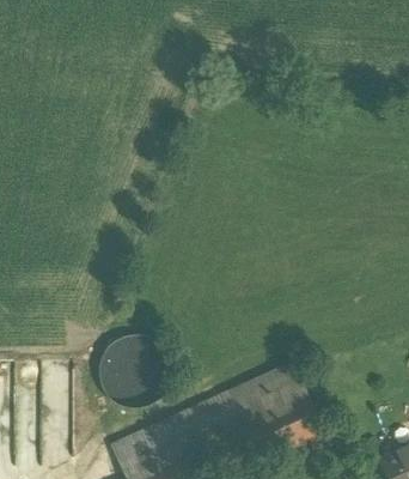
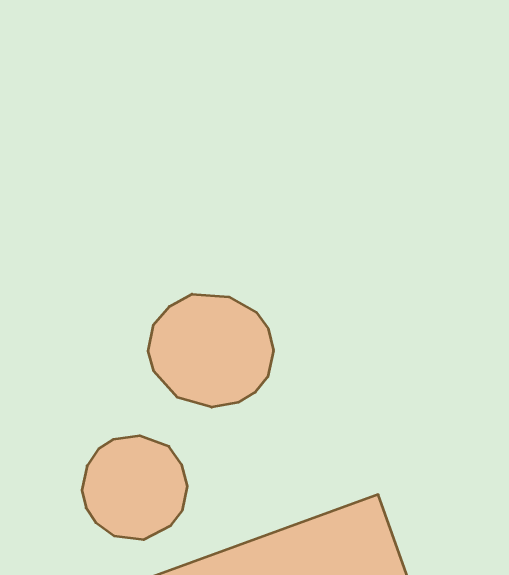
building: none -> [148,294,273,407]

